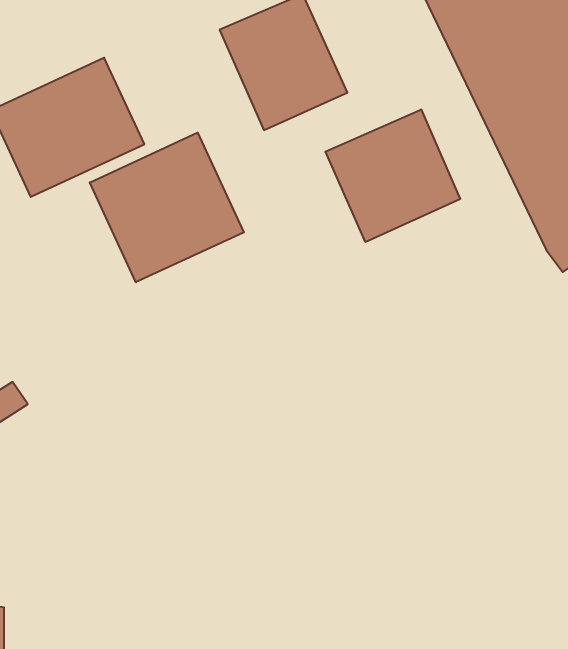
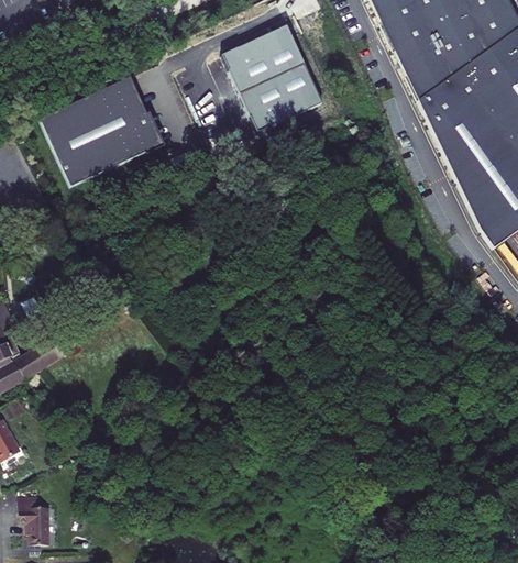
building: [325,109,460,242] -> none
building: [90,133,244,282] -> none

